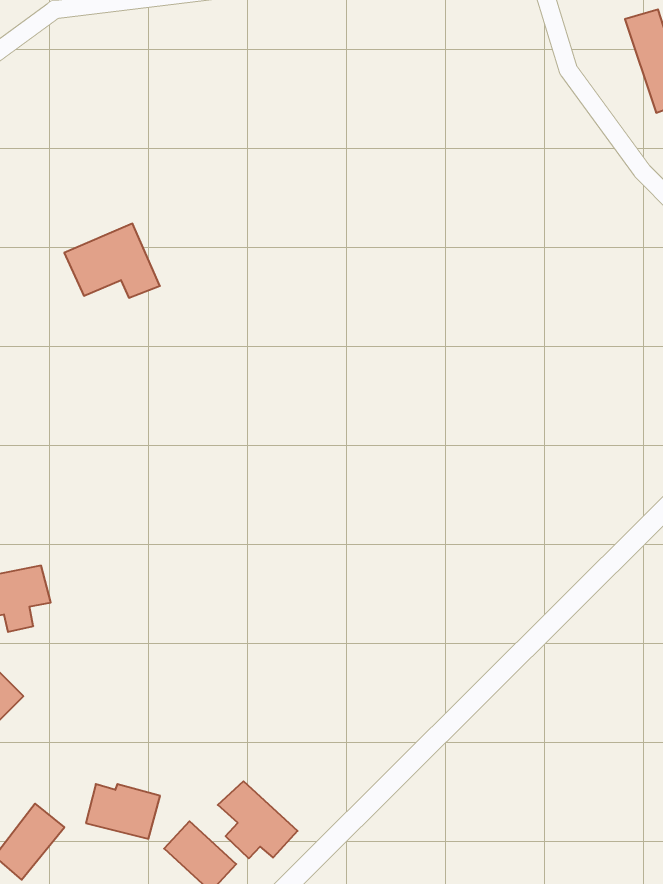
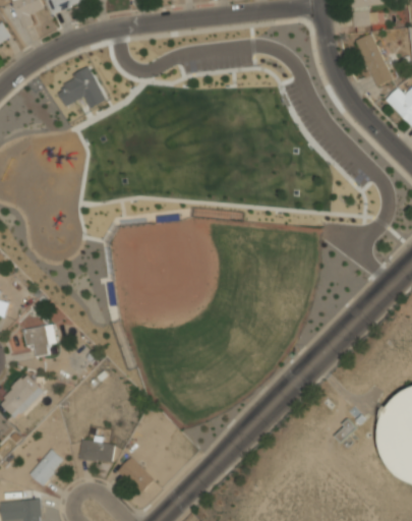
building: [64,224,160,298] -> [54,68,104,107]
building: [218,781,298,858] -> none

